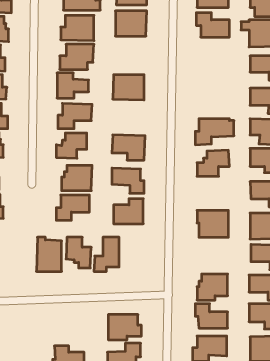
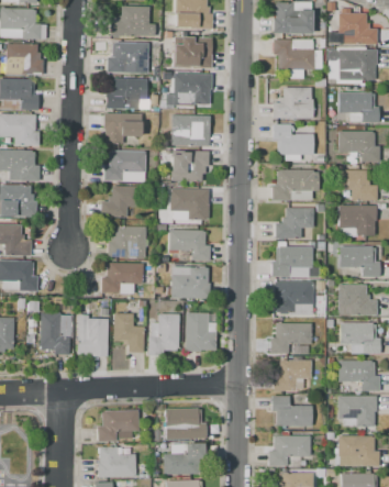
building: none -> [173,74,212,104]
building: none -> [273,88,313,119]
building: none -> [273,124,313,155]
building: none -> [170,151,209,181]
building: none -> [270,246,312,277]
building: none -> [40,313,69,355]
building: none -> [185,313,215,351]
building: none -> [269,323,311,354]
building: none -> [97,411,138,443]

